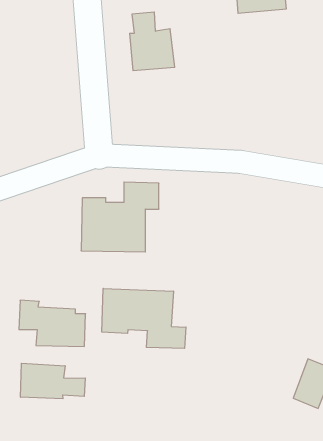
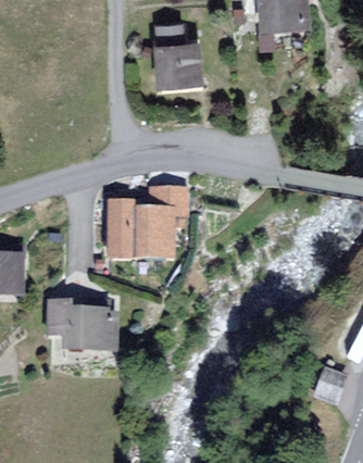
building: [102,288,186,348] -> none
building: [21,363,85,399] -> none

